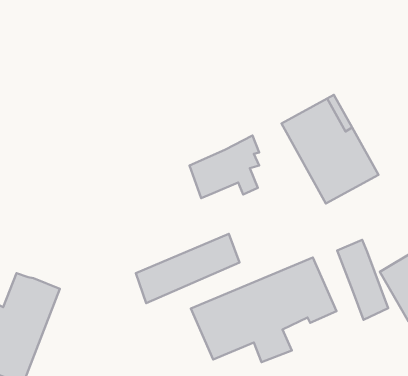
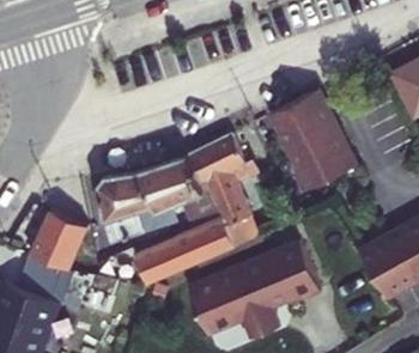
building: none -> [95,157,198,242]
building: none -> [37,213,90,272]
building: [337,240,388,320] -> [206,172,253,245]

